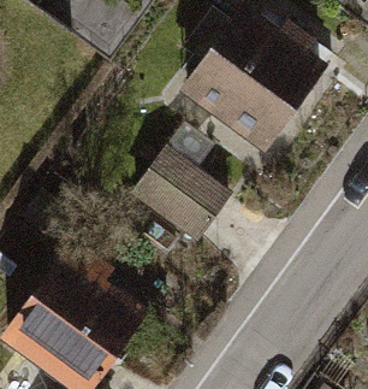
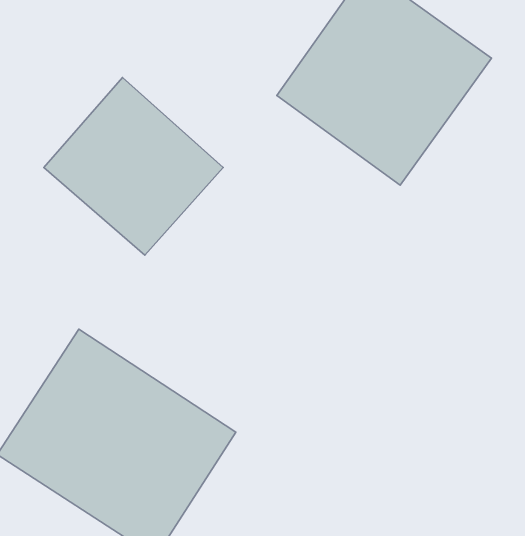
building: [125,126,241,241] -> [44,78,223,255]

